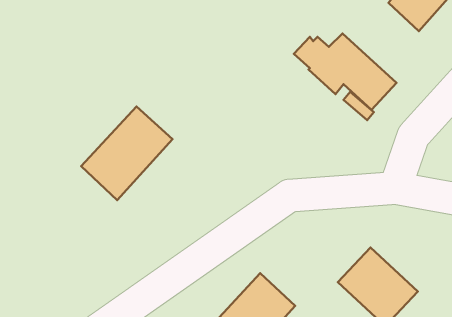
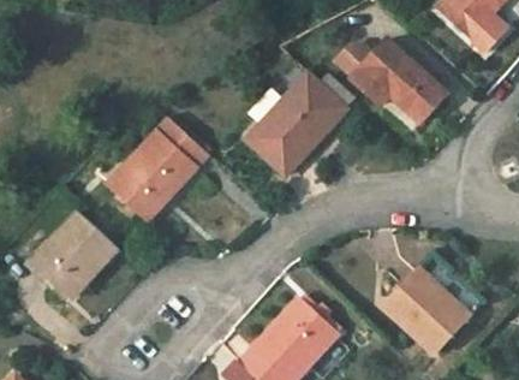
building: none -> [245,72,346,176]
building: none -> [32,213,118,298]

